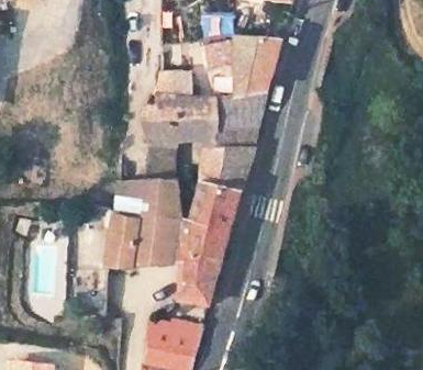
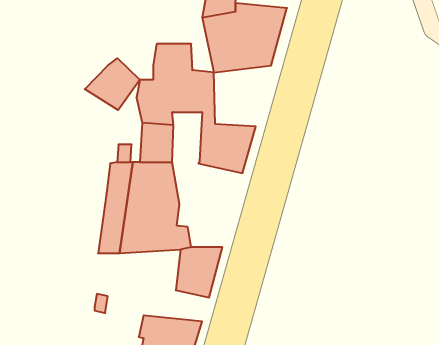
building: none -> [85,58,140,110]
building: [214,92,267,148] -> none
building: [180,182,241,259] -> none

